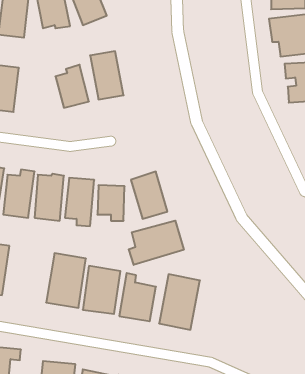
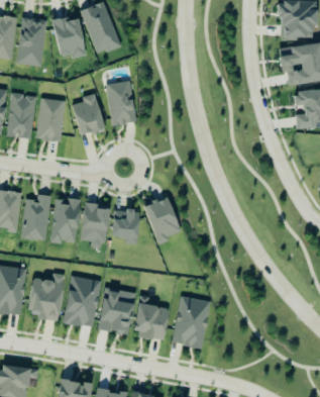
building: none -> [35,97,66,142]
building: [129,221,184,265] -> none
building: none -> [27,272,65,320]

